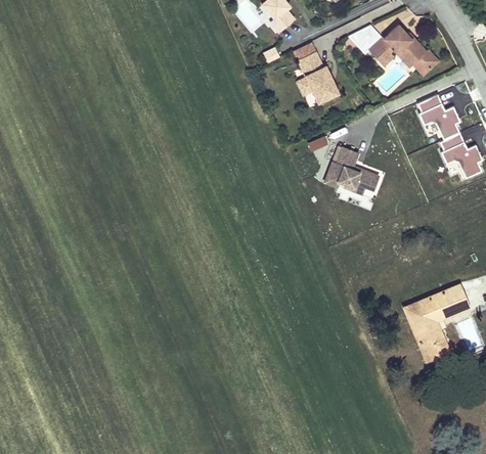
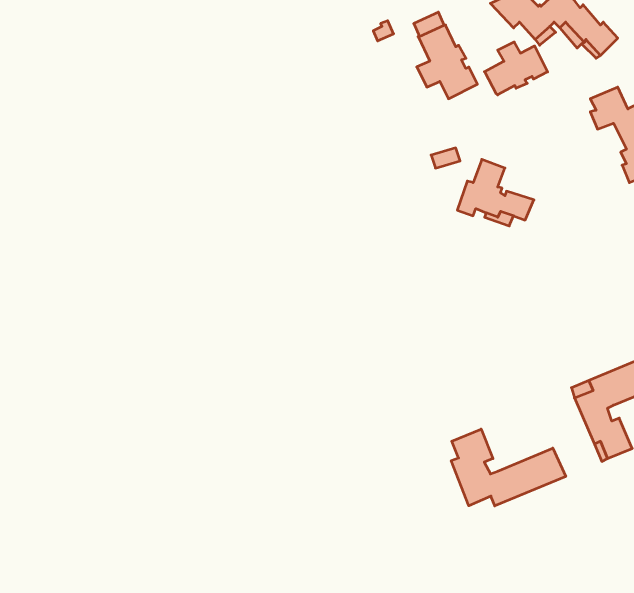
building: none -> [484,42,548,95]
building: none -> [451,429,566,506]

